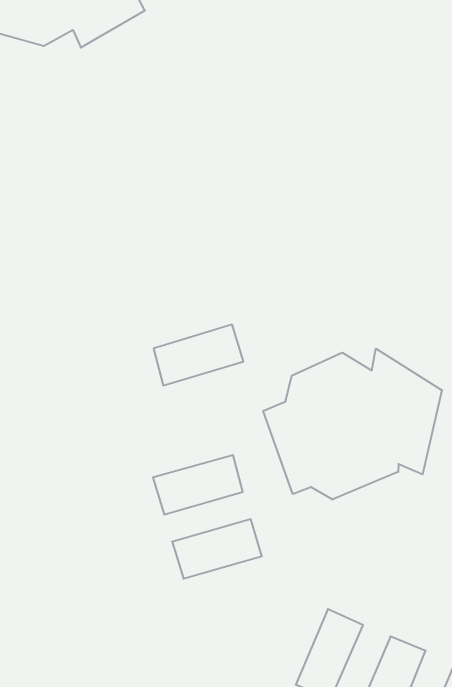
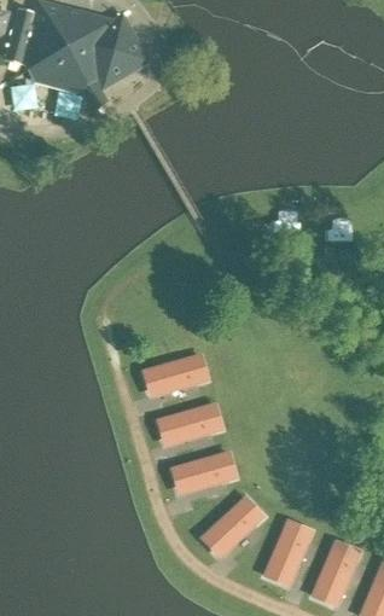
building: [154,325,243,386] -> [142,351,210,397]
building: [263,349,442,500] -> none
building: none -> [200,494,264,557]

